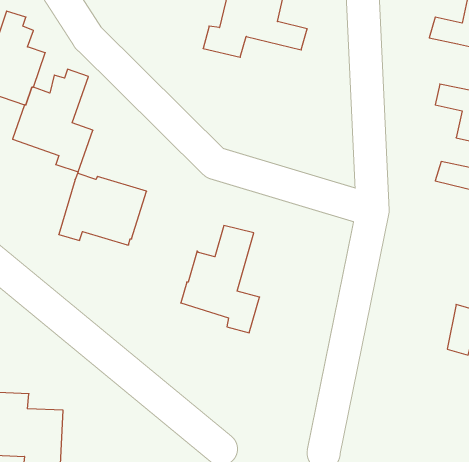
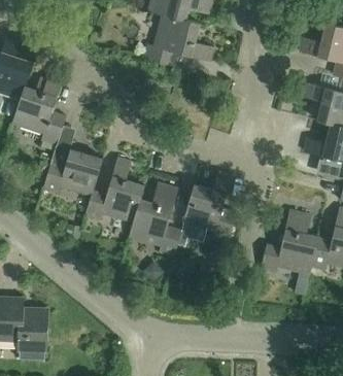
building: none -> [84,158,144,221]
building: none -> [183,172,237,242]
building: none -> [261,210,318,275]

